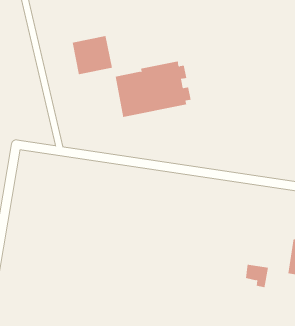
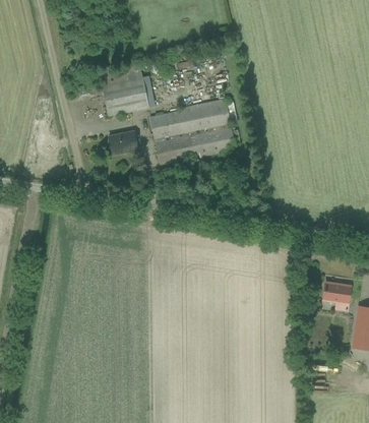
building: none -> [109,131,137,155]
building: [245,264,269,288] -> [323,283,351,310]

